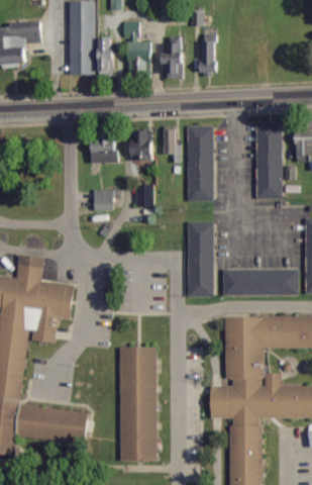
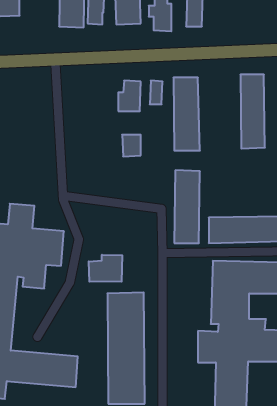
building: [92,131,118,163] -> none
building: [93,189,114,211] -> none
building: none -> [89,255,122,282]

